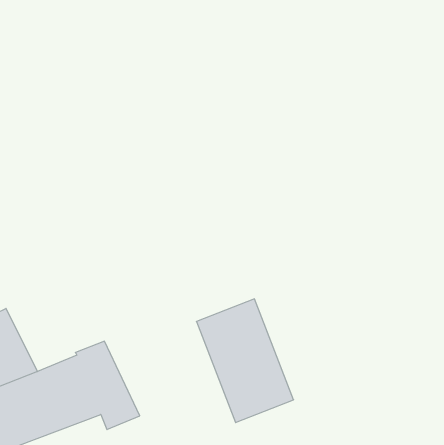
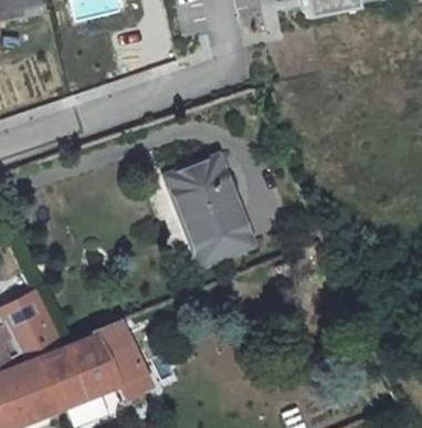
building: [196,299,294,423] -> [169,156,254,264]

